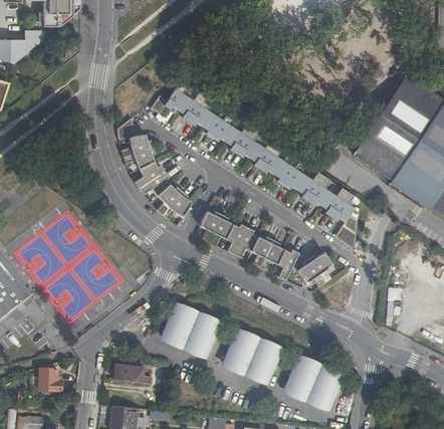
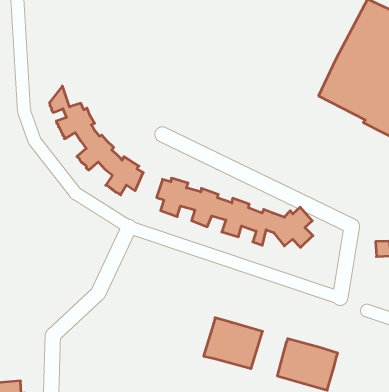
building: [152,79,358,246] -> none
building: [163,310,218,360] -> none
building: [116,368,152,387] -> none

